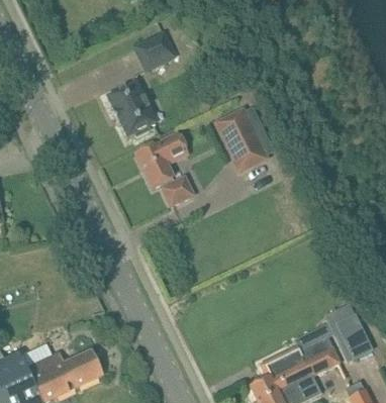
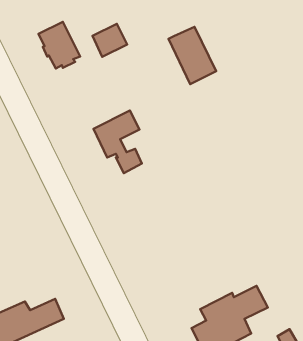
building: [107,82,156,136] -> [39,22,80,69]
building: [212,107,268,174] -> [169,27,216,84]
building: [336,310,370,352] -> none

